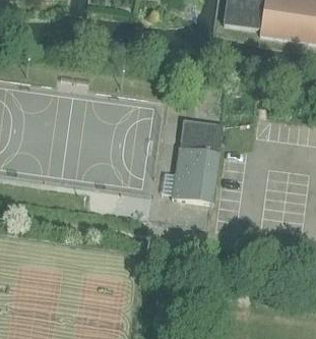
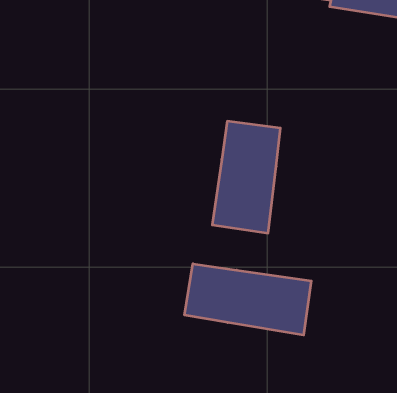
building: none -> [185,264,311,335]

